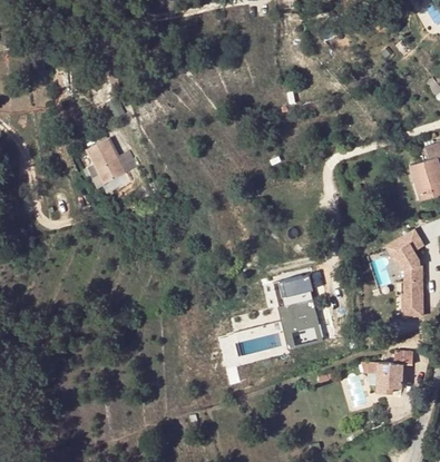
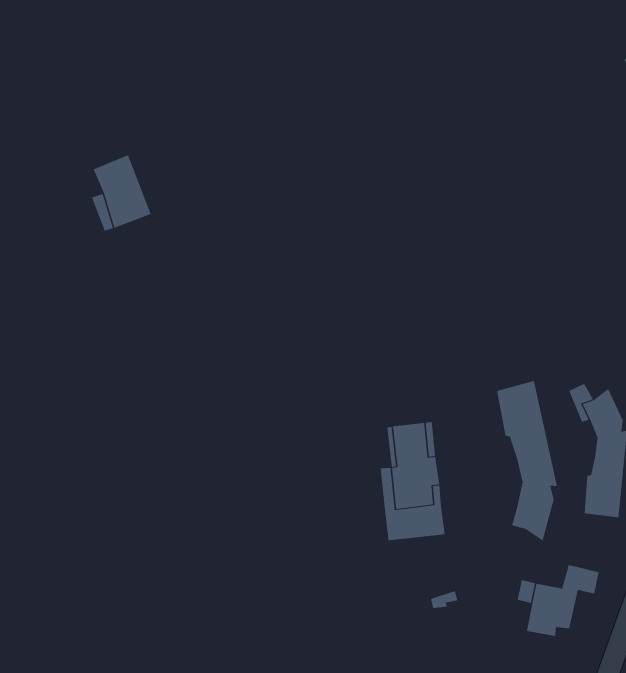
building: none -> [496,380,557,541]

